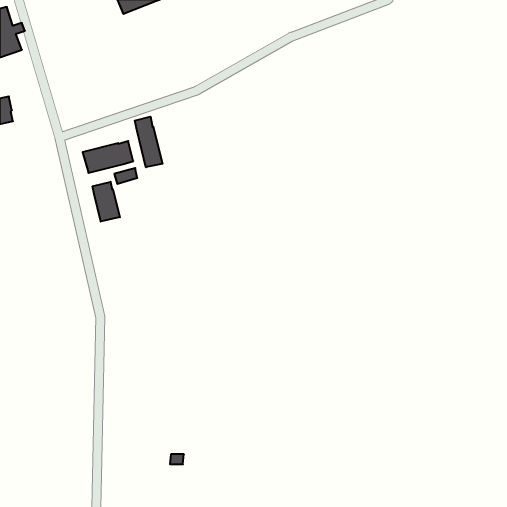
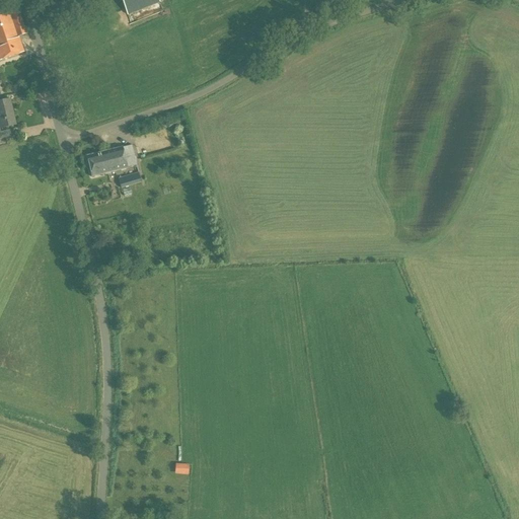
building: [135,117,163,167] -> none
building: [93,182,120,222] -> none

